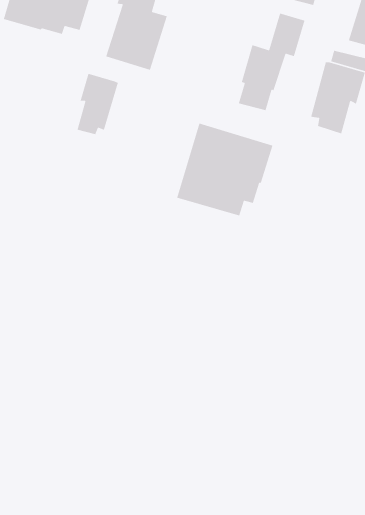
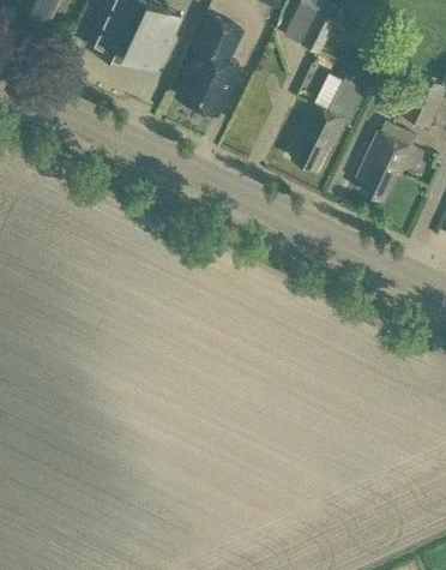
building: [76,73,119,135] -> none
building: [176,123,273,216] -> none

